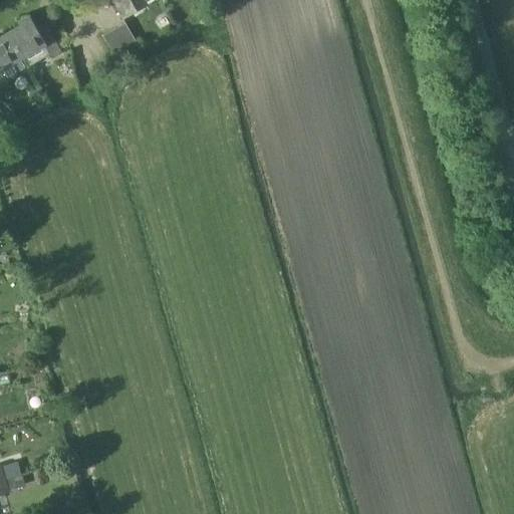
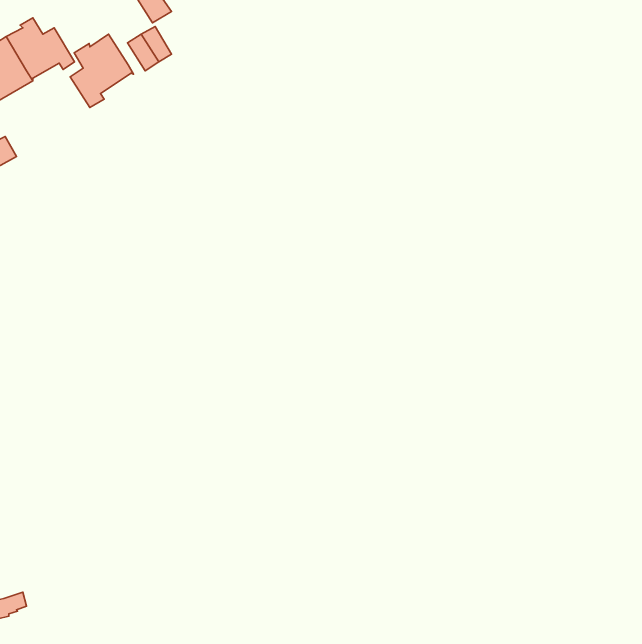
building: none -> [70,34,134,107]

